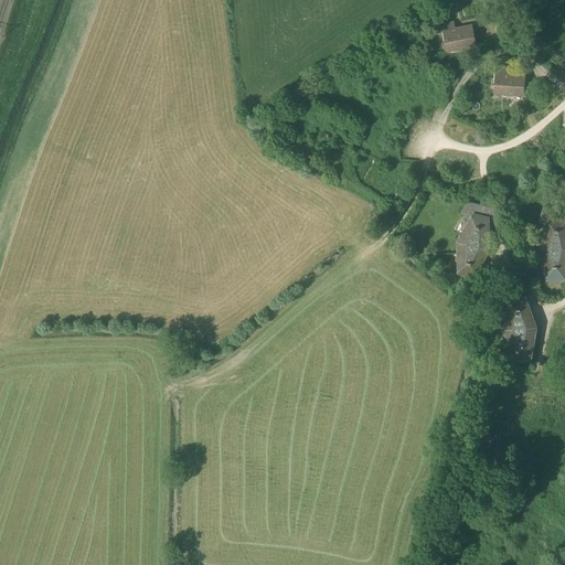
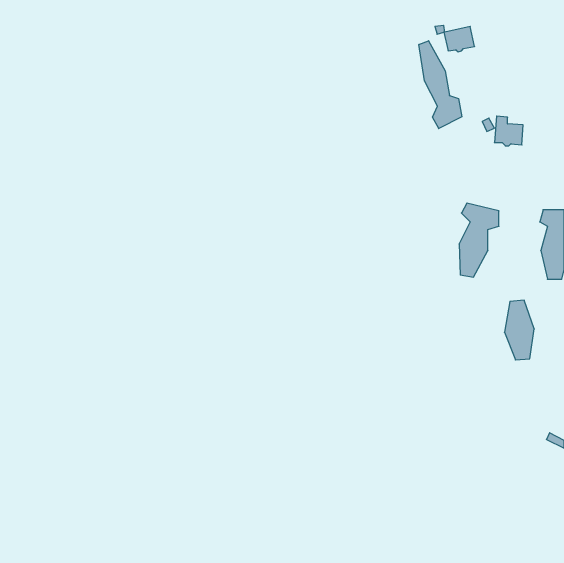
building: none -> [419,41,462,129]
building: [494,68,523,98] -> [494,116,523,146]

